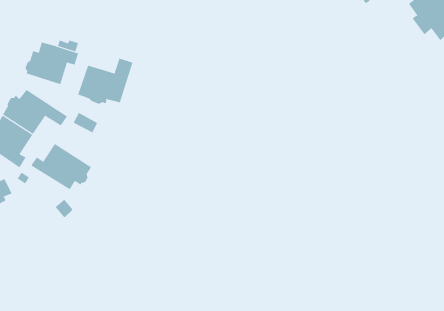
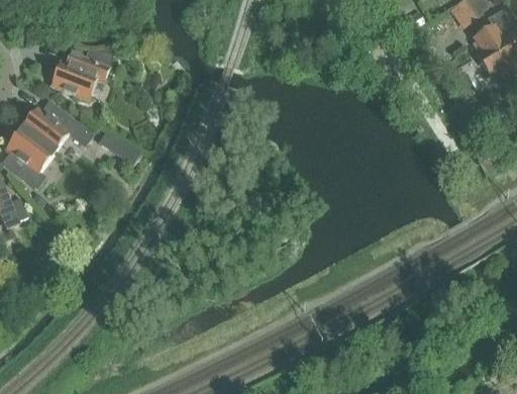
building: [78,58,133,104] -> none
building: [30,143,92,190] -> none

